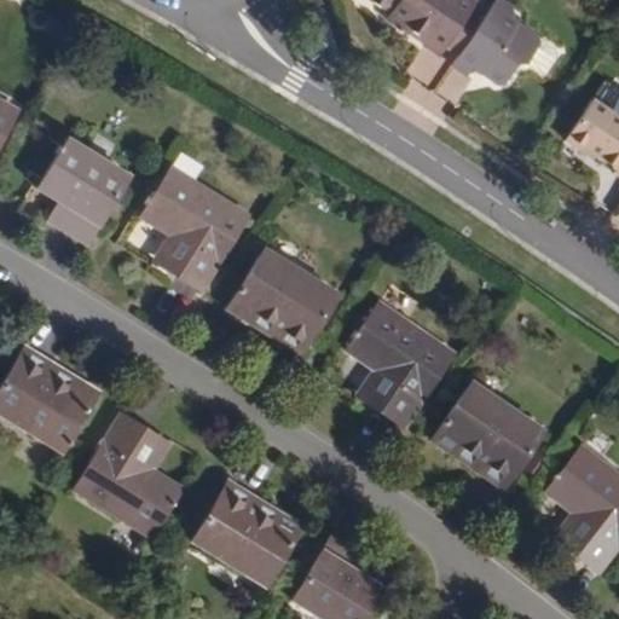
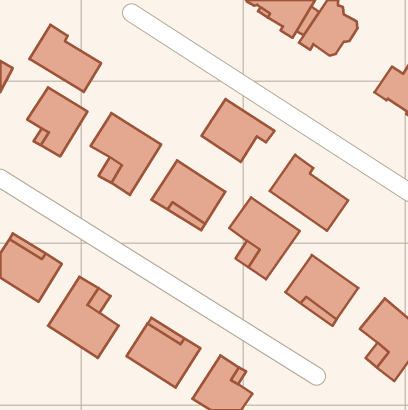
building: none -> [29,25,101,92]
building: none -> [202,99,274,162]
building: none -> [270,155,348,231]

